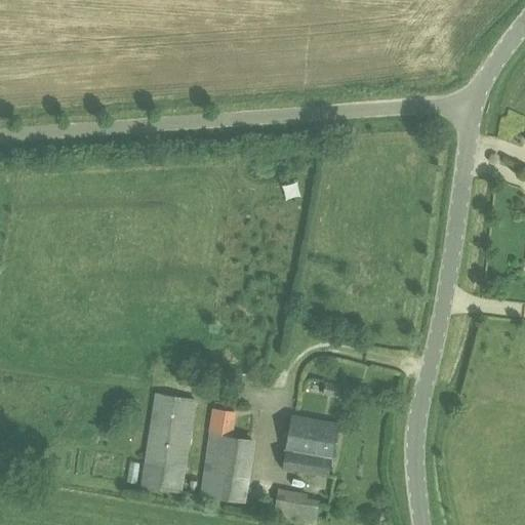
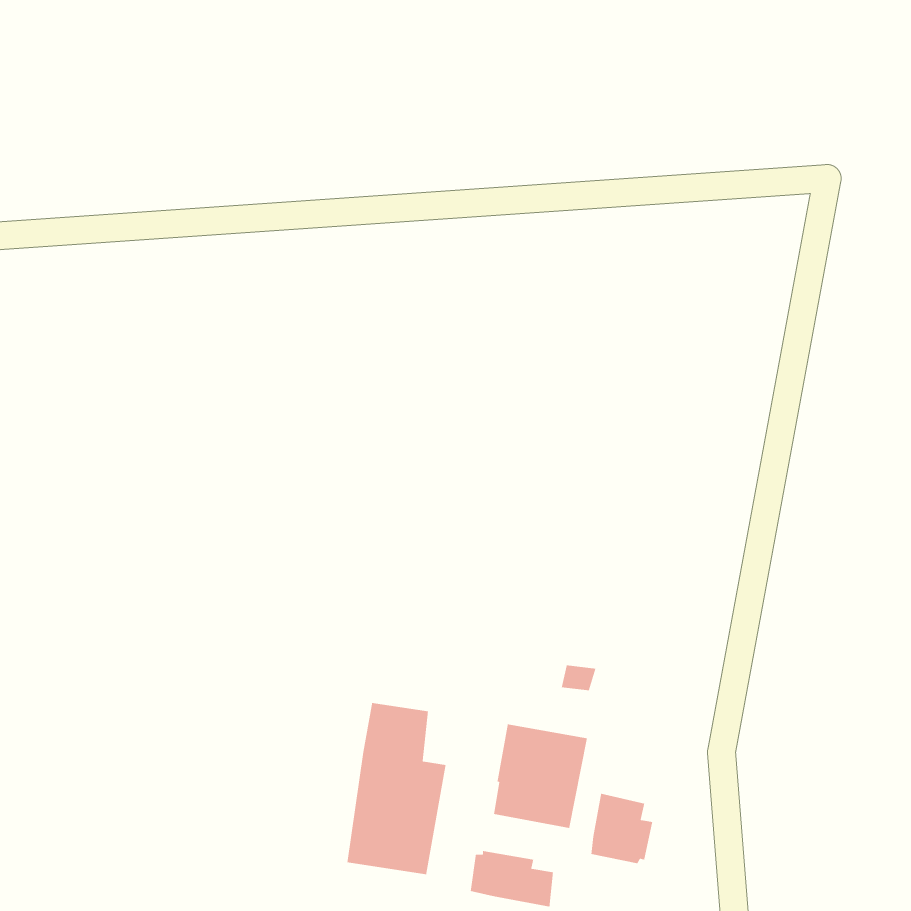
building: [139,394,196,494] -> none
building: none -> [591,793,653,864]

